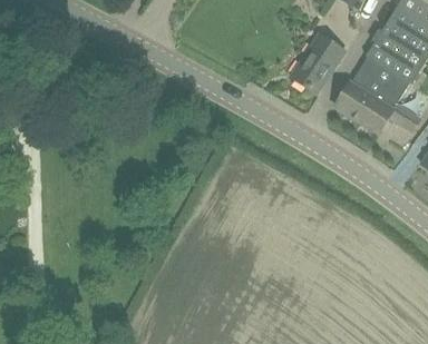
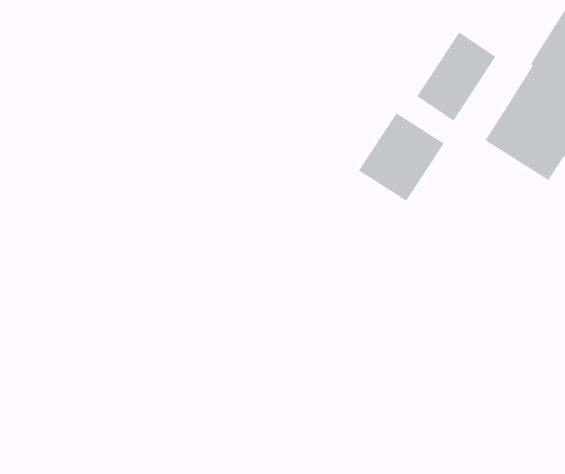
building: none -> [358,112,444,202]

